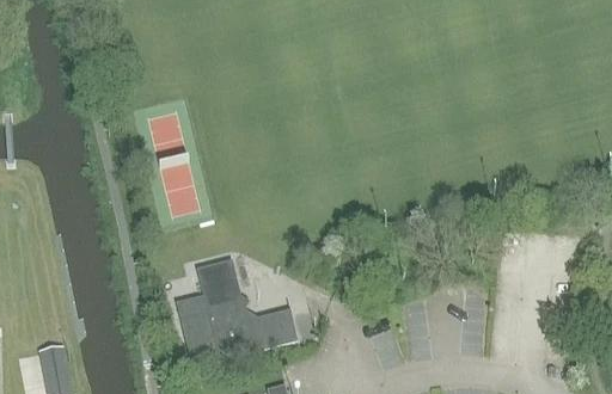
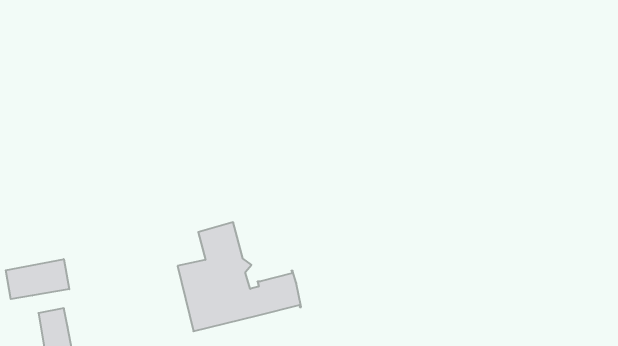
building: none -> [6,259,69,299]

